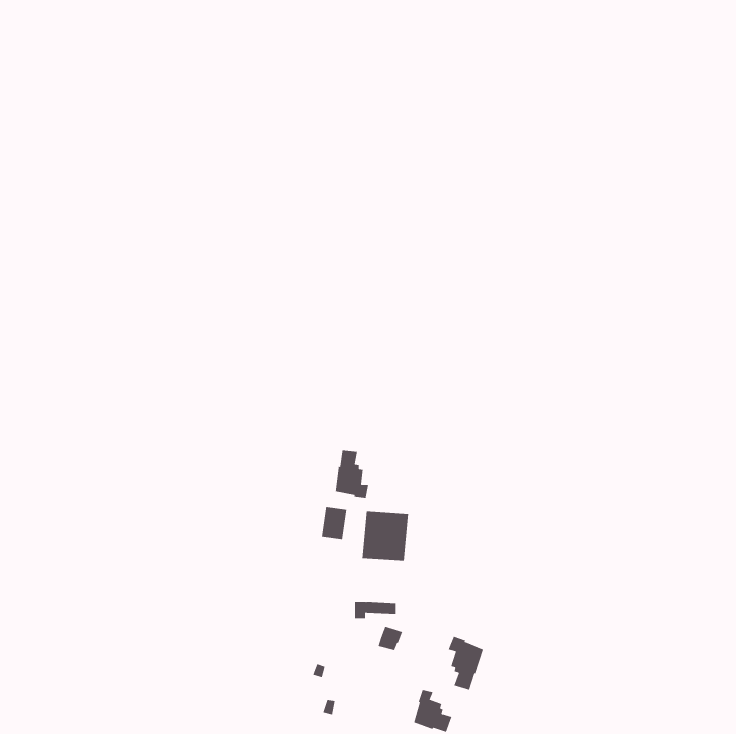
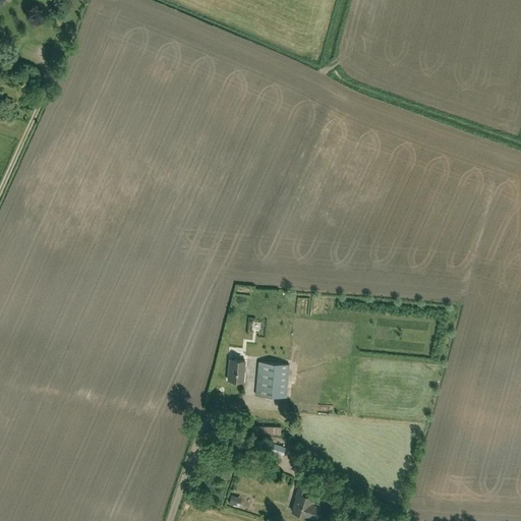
building: [335,450,369,499] -> none
building: [448,636,484,690] -> none

